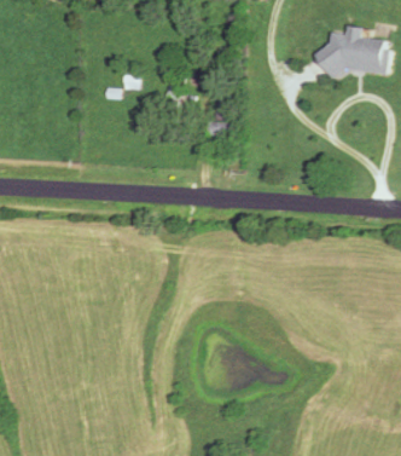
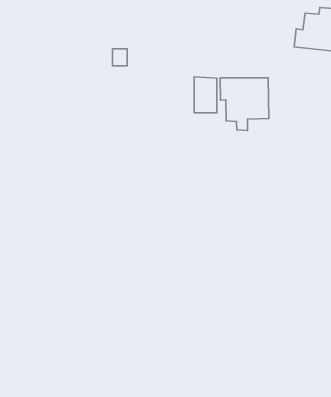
building: none -> [220,78,269,130]

